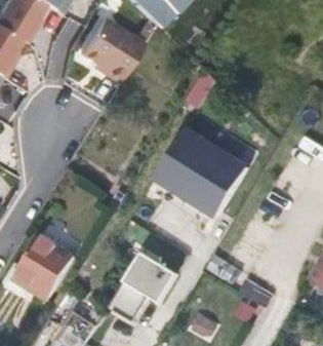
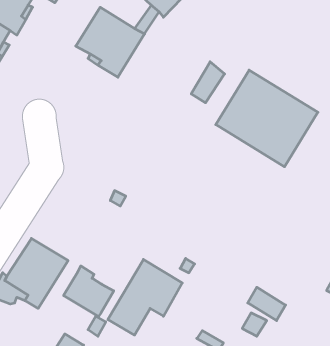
building: [155,128,249,218] -> [216,70,318,167]
building: none -> [64,266,114,316]

